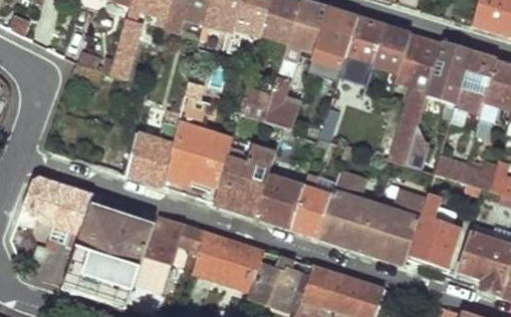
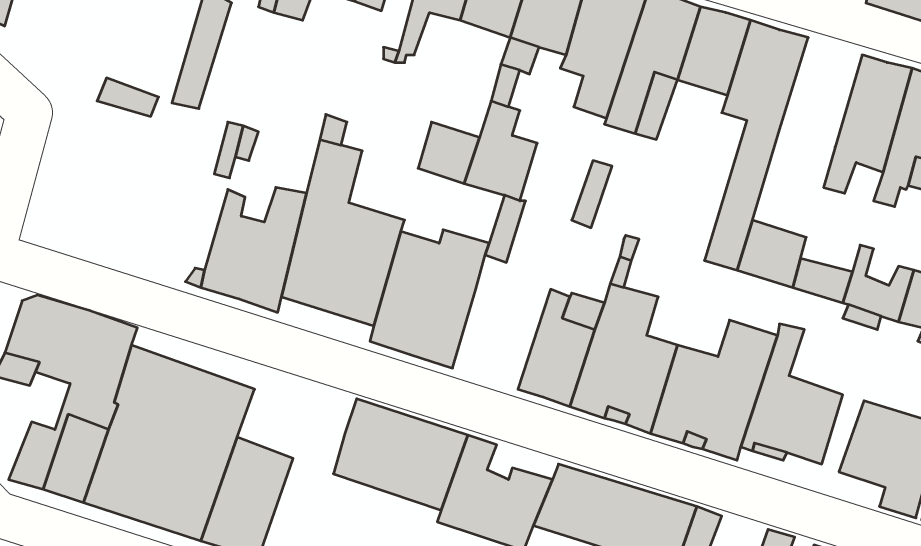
building: [428,43,471,102] -> none
building: [257,175,304,227] -> none
building: [145,217,207,268] -> none

